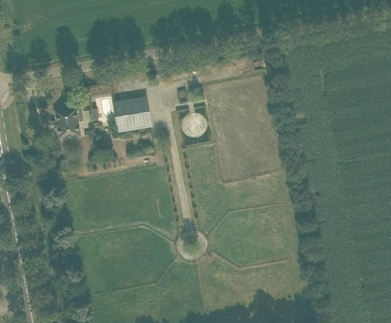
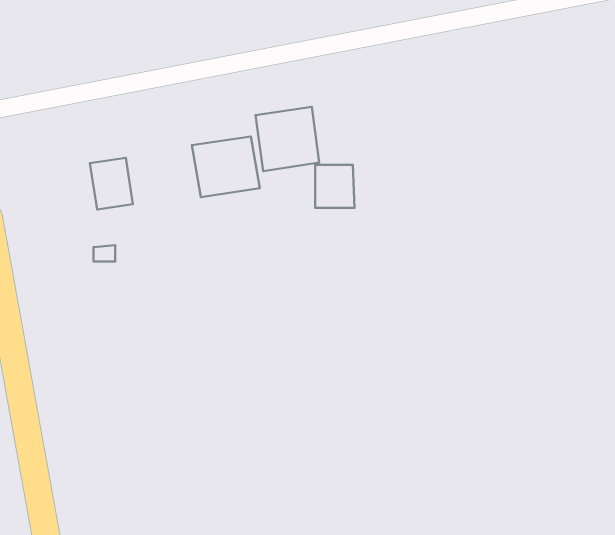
building: none -> [256,107,319,171]

